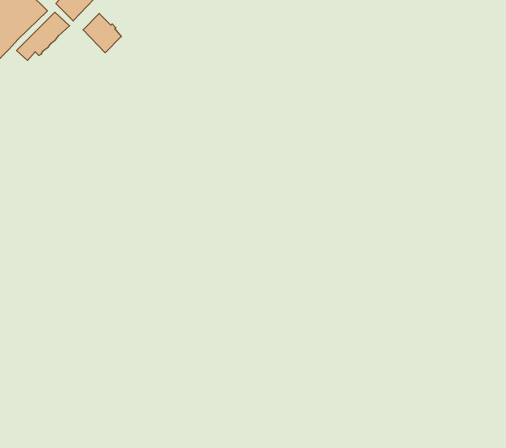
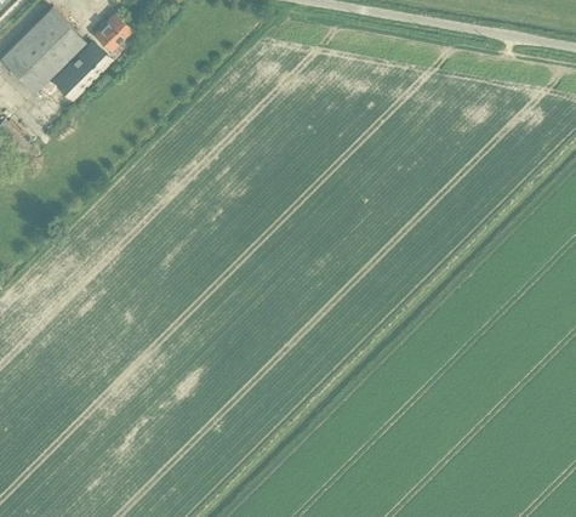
building: [83,13,121,53] -> none

